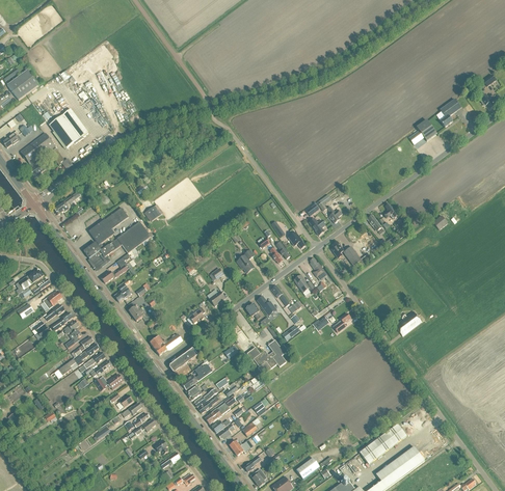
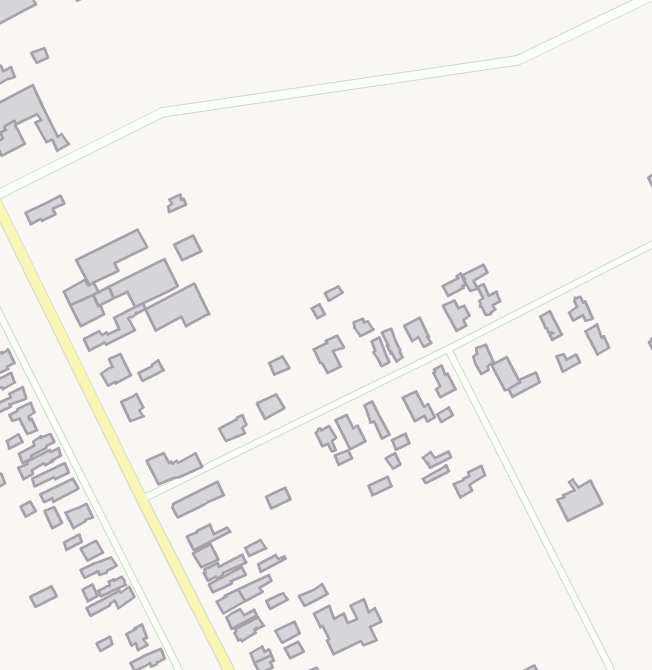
building: [48,108,87,147] -> none
building: none -> [145,284,209,331]
building: [246,338,287,374] -> [314,599,381,654]

